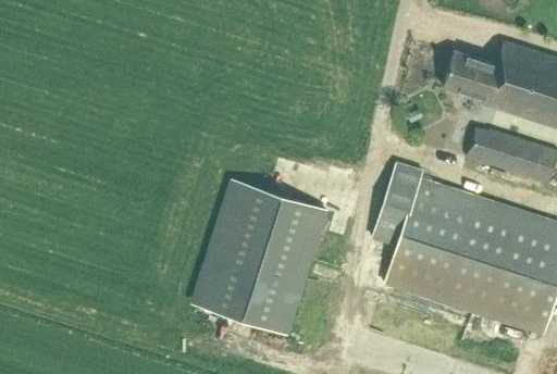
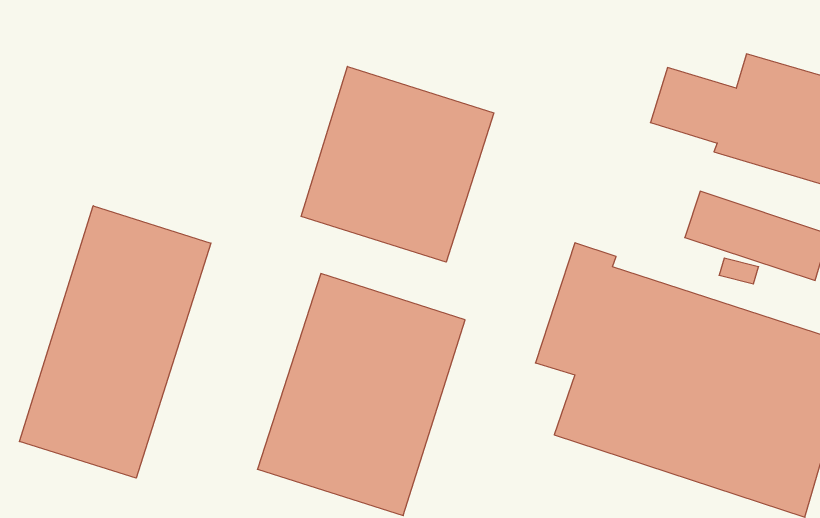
building: none -> [301,66,494,262]
building: none -> [19,206,211,478]

